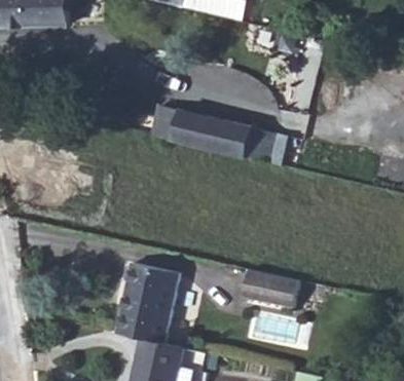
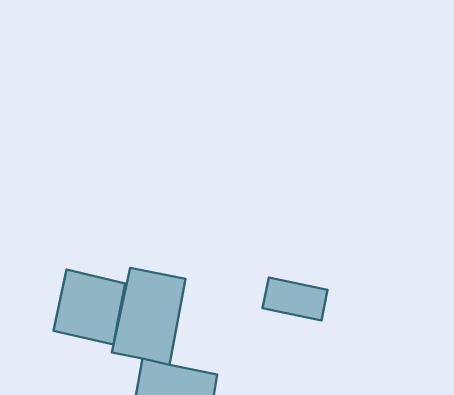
building: [170,108,272,162] -> none
building: none -> [53,270,125,345]

